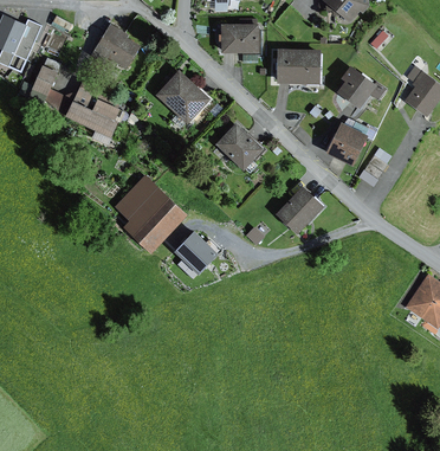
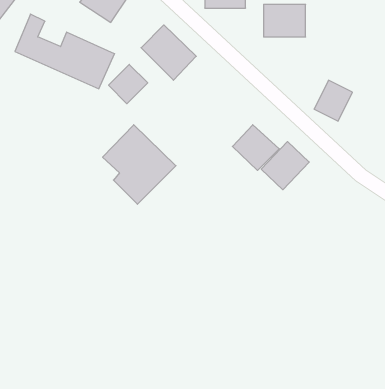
building: [337,69,386,111] -> none
building: none -> [109,64,148,104]
building: [215,124,261,169] -> [232,125,279,170]
building: [172,232,215,275] -> none

